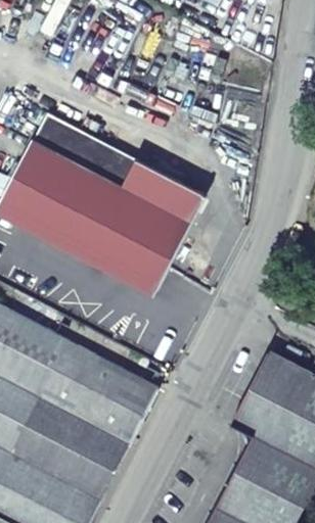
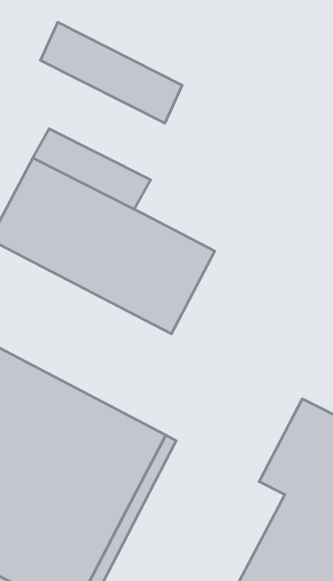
building: none -> [40,22,182,123]
building: [121,159,205,222] -> none

